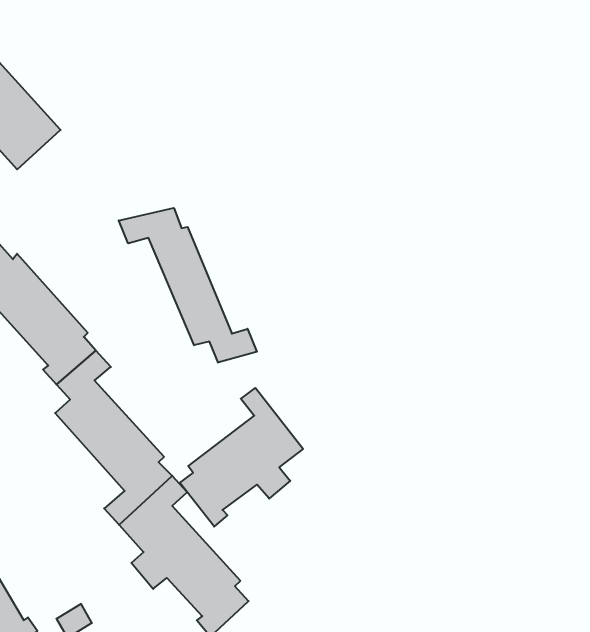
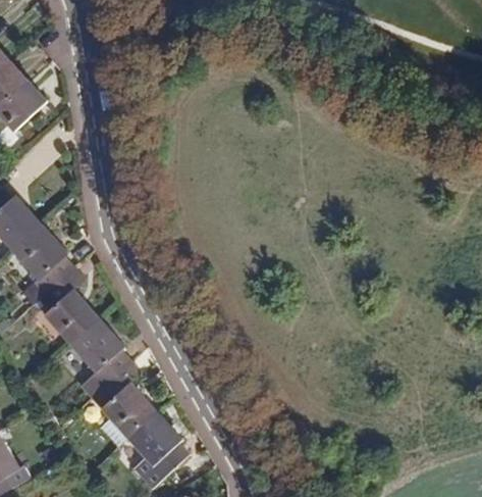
building: [119,208,257,363] -> none
building: [180,388,303,527] -> none

